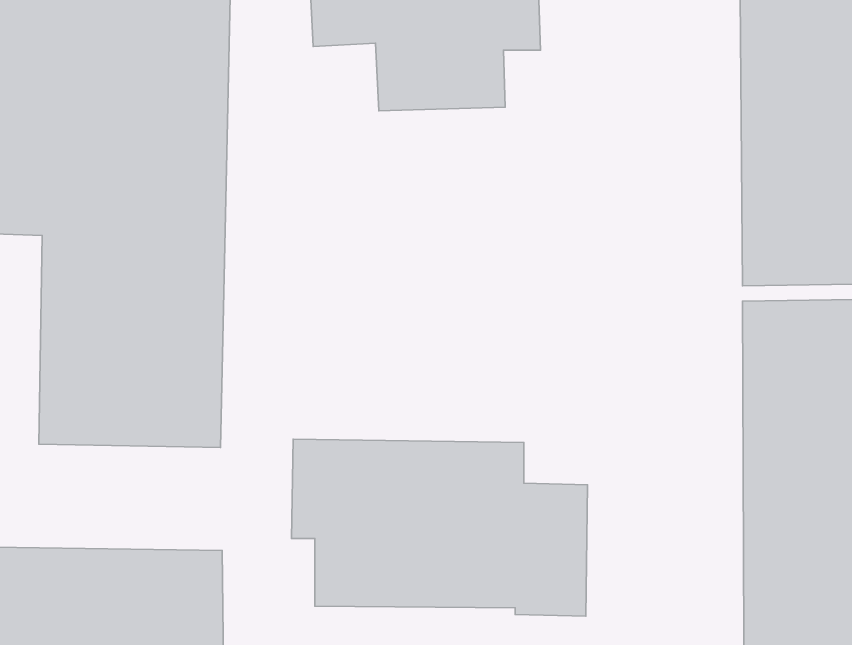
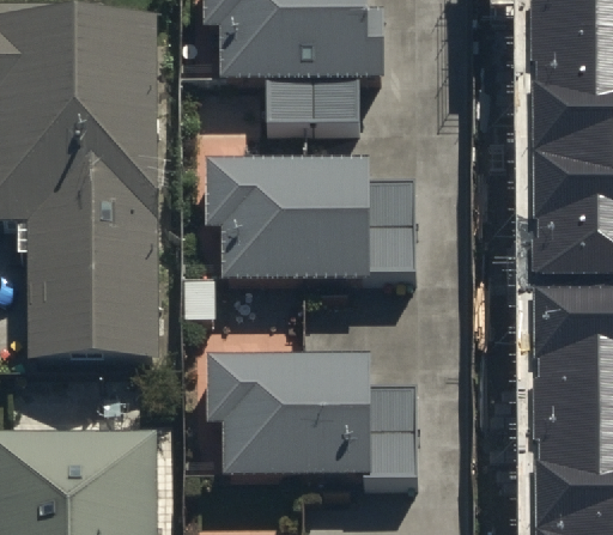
building: none -> [206,168,414,282]

